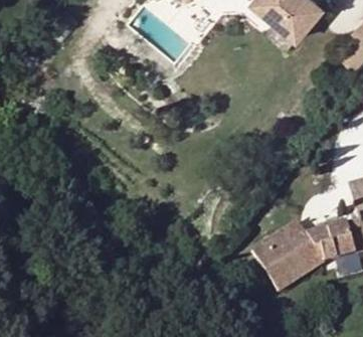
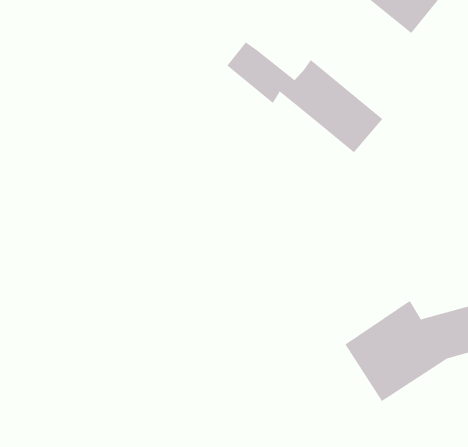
building: none -> [227,42,383,153]

